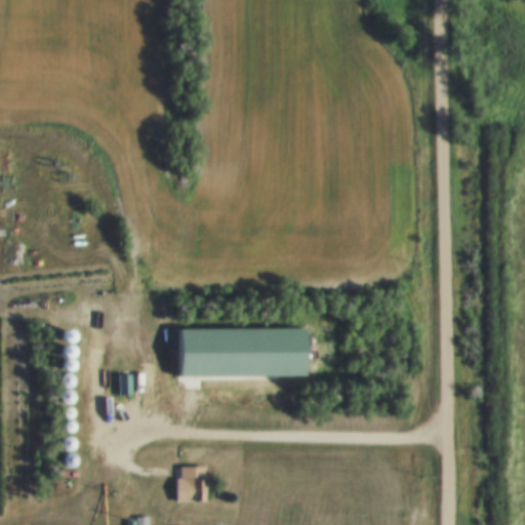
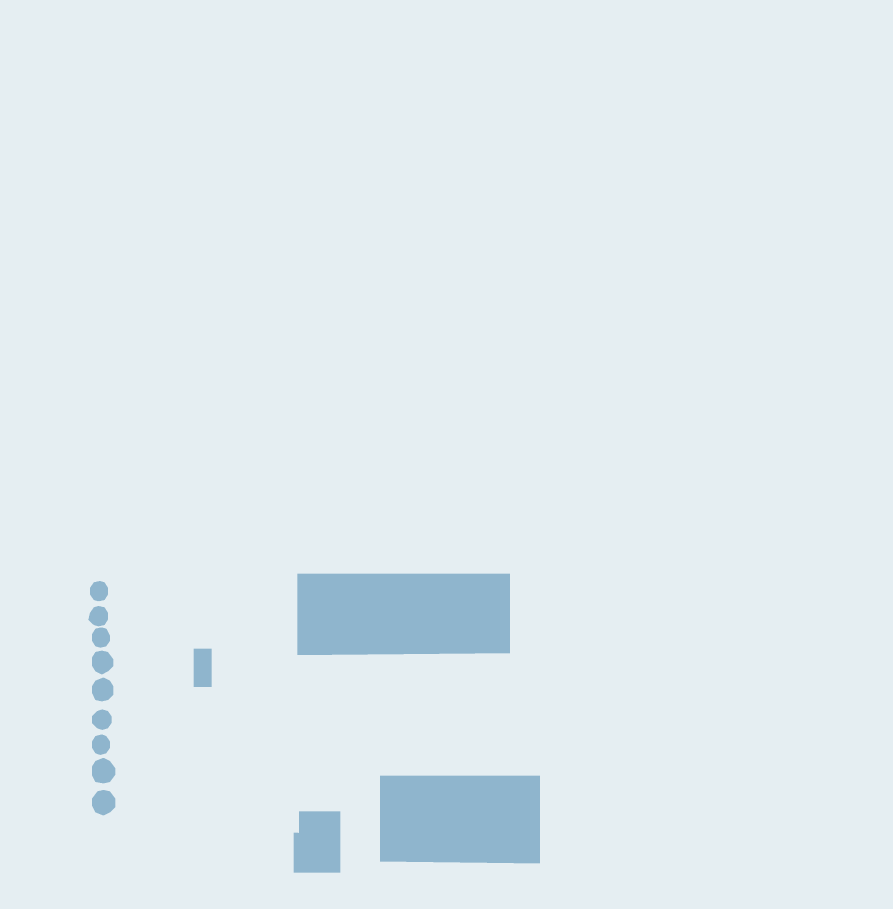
building: none -> [380,775,541,864]

